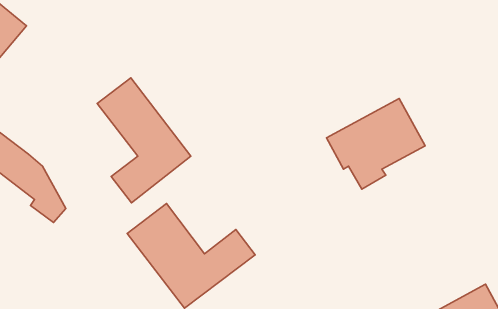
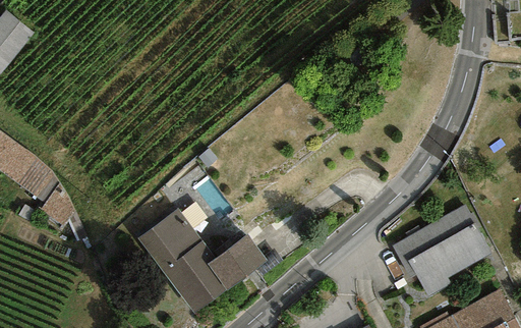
building: [97,78,191,203] -> none
building: [327,98,425,189] -> [392,206,491,297]

